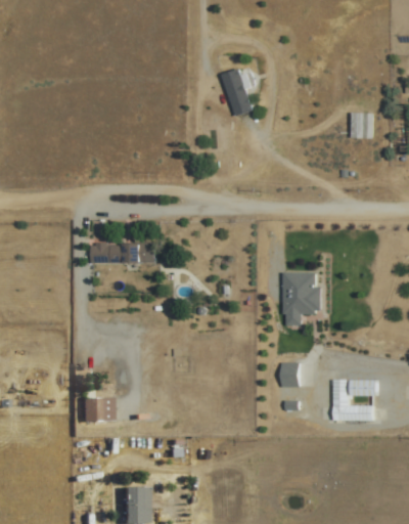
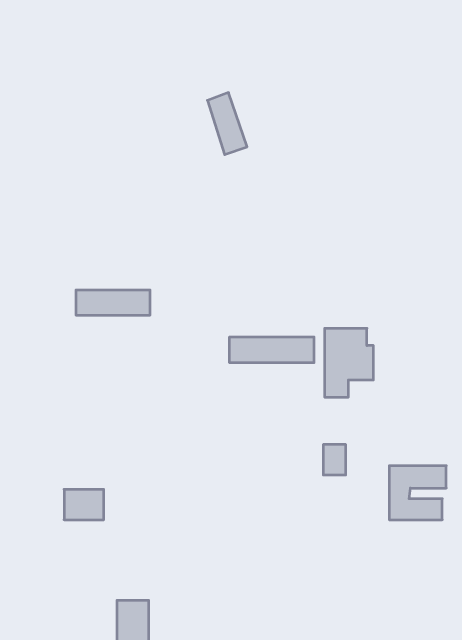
building: [224,68,255,116] -> [207,93,247,155]
building: [353,113,374,138] -> none
building: none -> [230,337,314,363]

